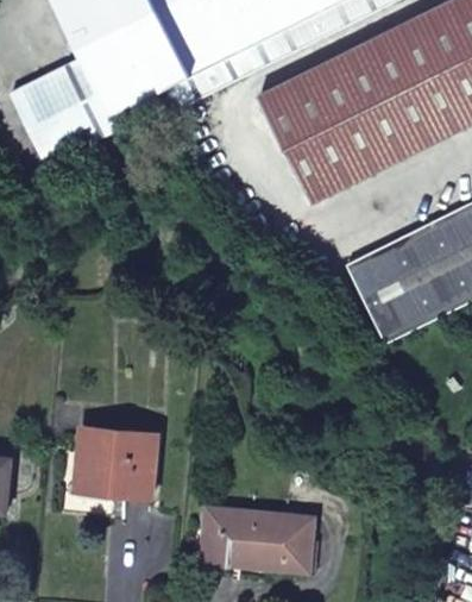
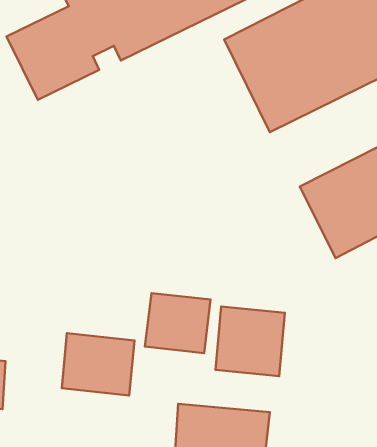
building: none -> [145,293,211,353]
building: none -> [215,306,285,376]

